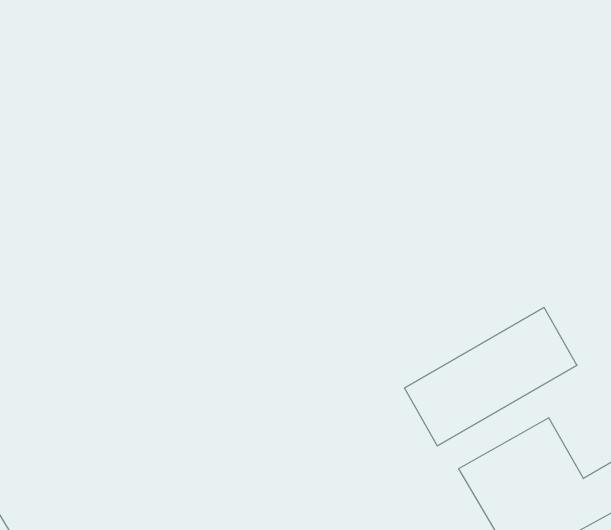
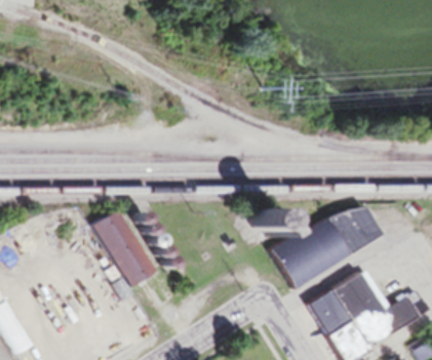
building: none -> [93,211,154,289]

